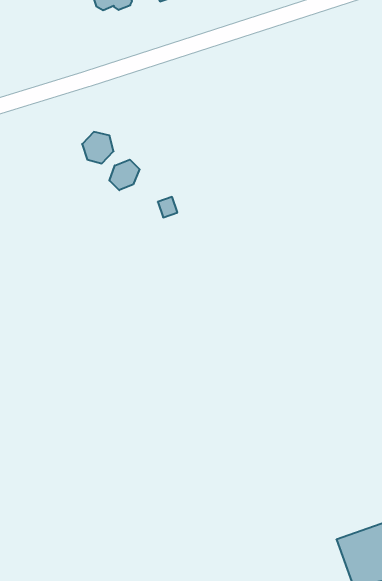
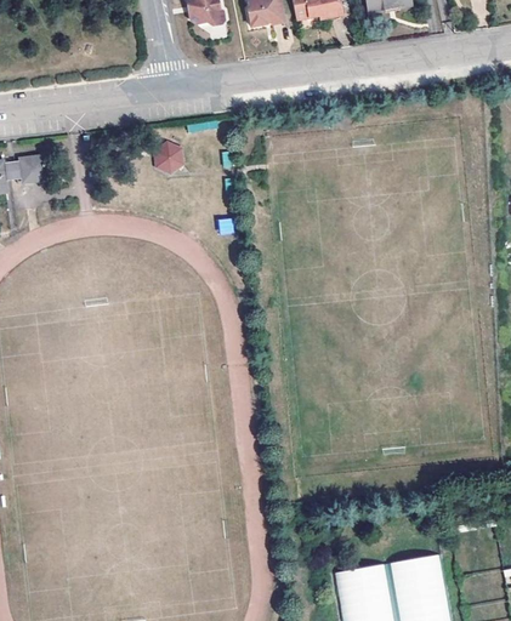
building: [109,160,140,190] -> none

